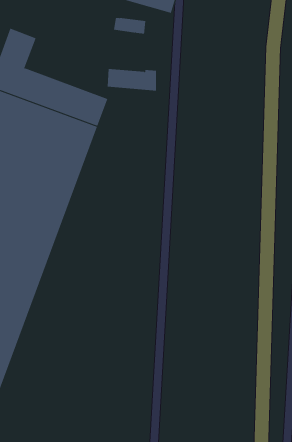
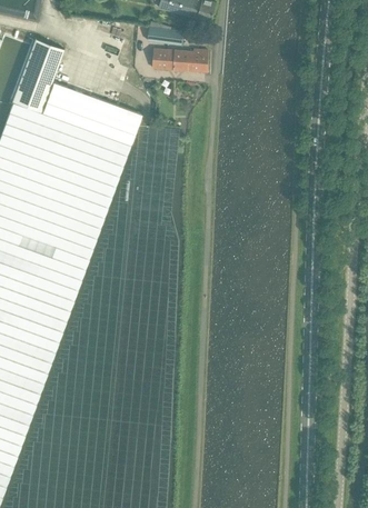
building: [107,68,157,91] -> [155,49,209,73]

